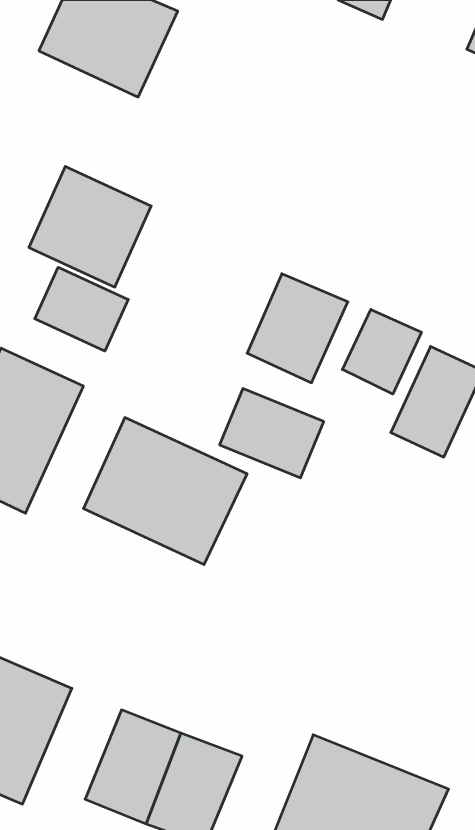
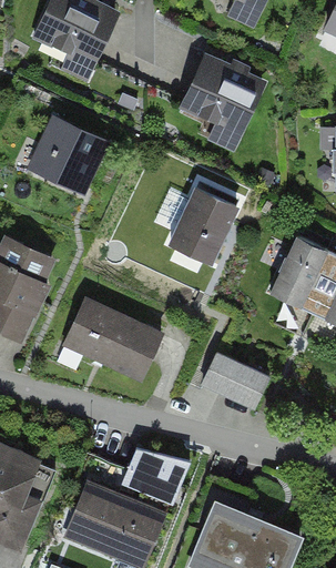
building: none -> [174,51,268,142]
building: [35,267,128,351] -> none
building: [342,309,421,394] -> none
building: [220,389,324,478] -> [202,354,272,414]
building: none -> [125,447,193,506]

